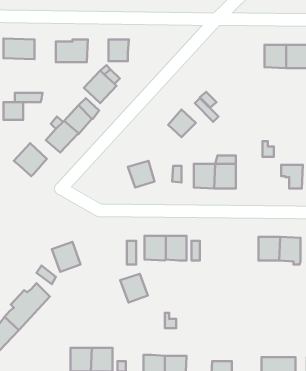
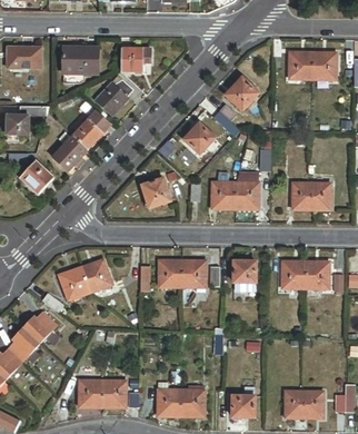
building: none -> [226,77,258,109]
building: none -> [292,183,316,208]
building: none -> [233,260,256,289]
building: [120,274,148,303] -> [81,259,111,290]

